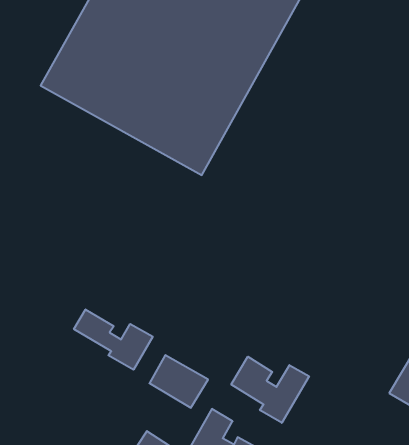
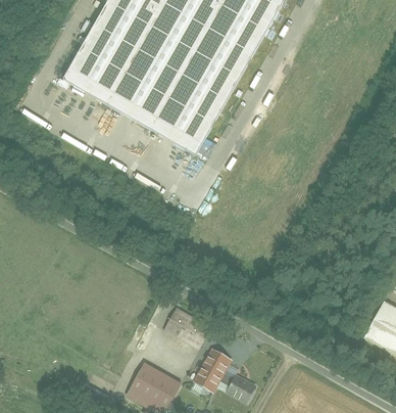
building: [74,309,153,370] -> none
building: [231,357,309,423] -> none

